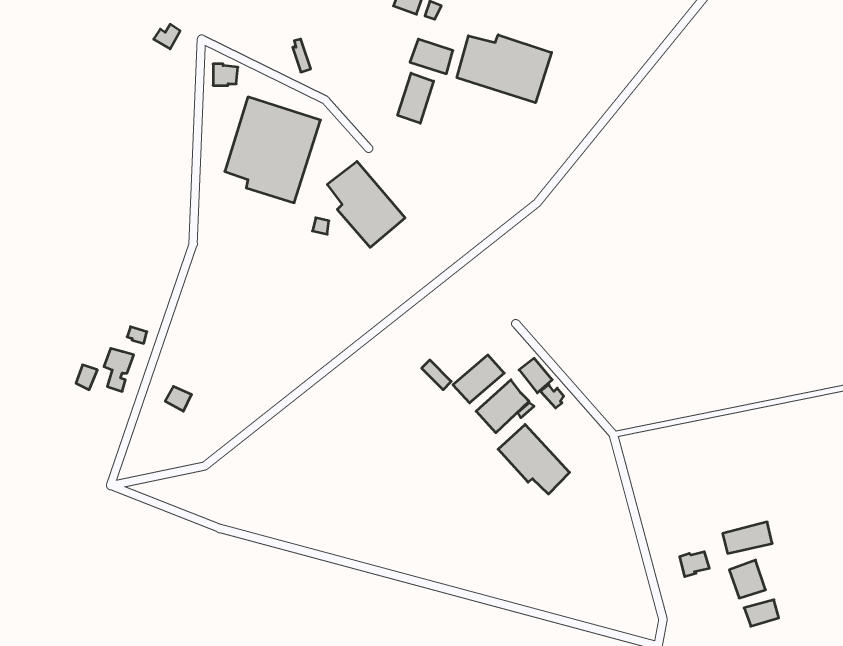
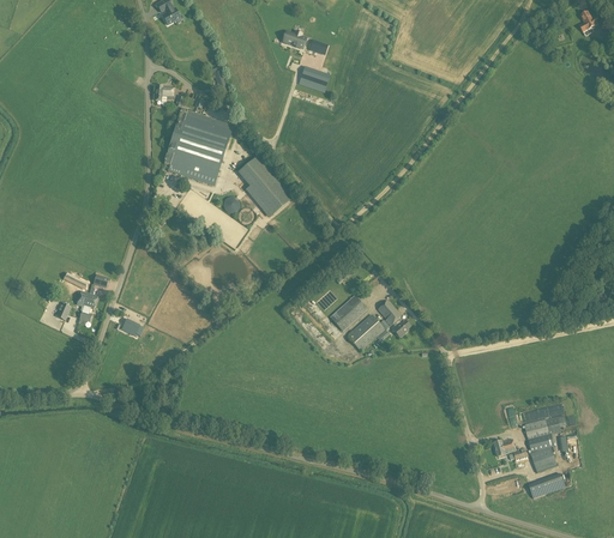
building: [457,35,552,103] -> none
building: [398,73,434,123] -> none
building: [498,424,570,494] -> none

